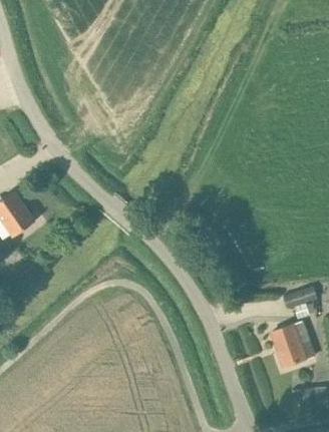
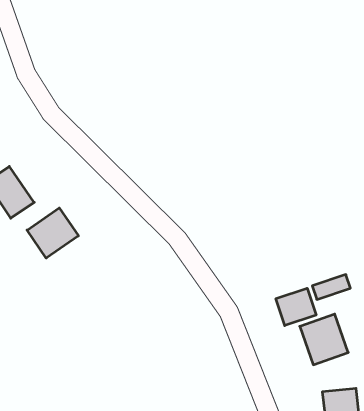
building: none -> [27,208,78,258]
building: none -> [276,288,316,326]

